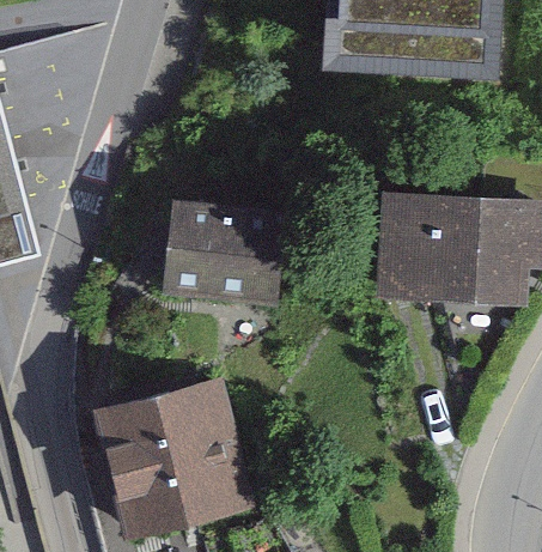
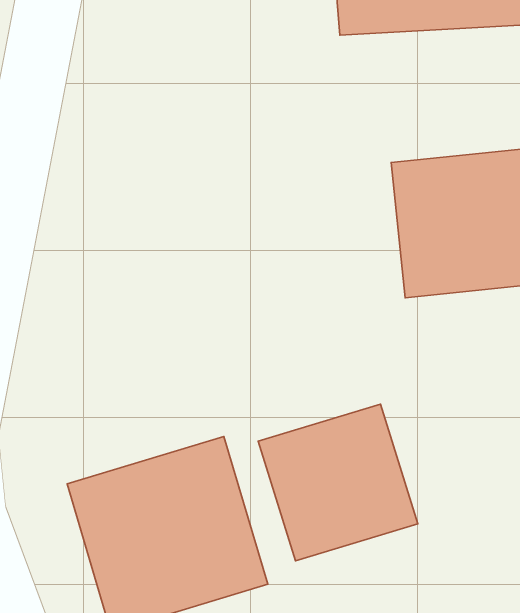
building: [157,195,294,313] -> none
building: none -> [258,404,418,561]

